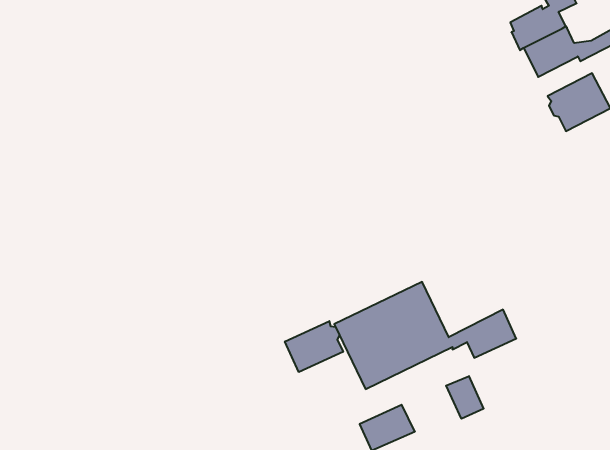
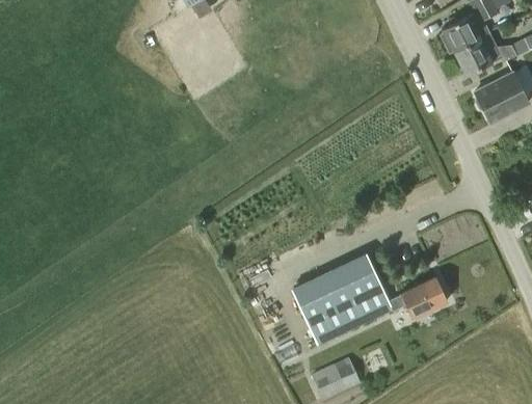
building: [285,321,343,372] -> none
building: [446,376,484,419] -> none

